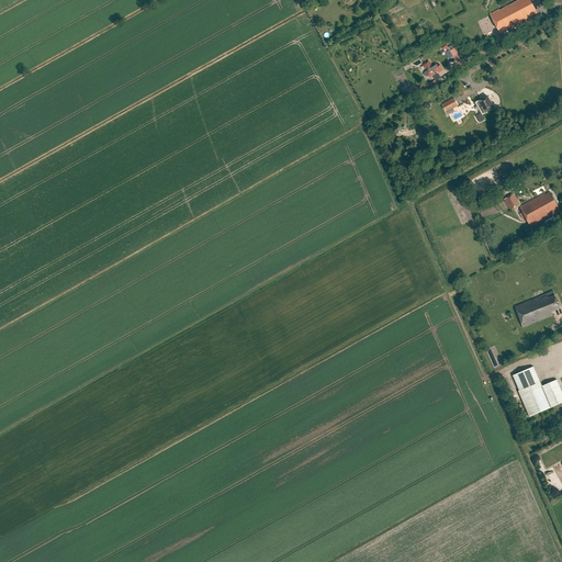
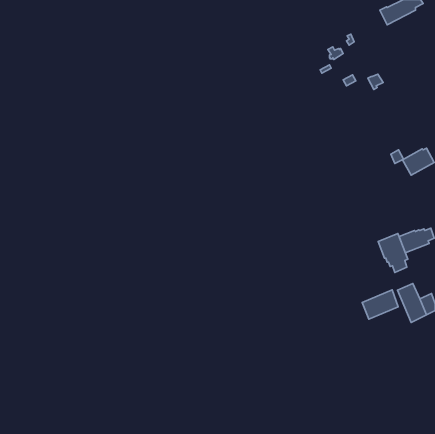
building: none -> [378,234,408,273]
building: none -> [362,290,398,319]

